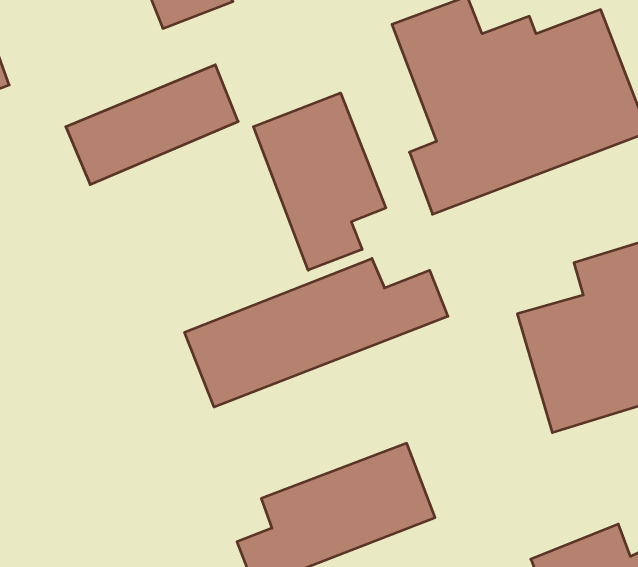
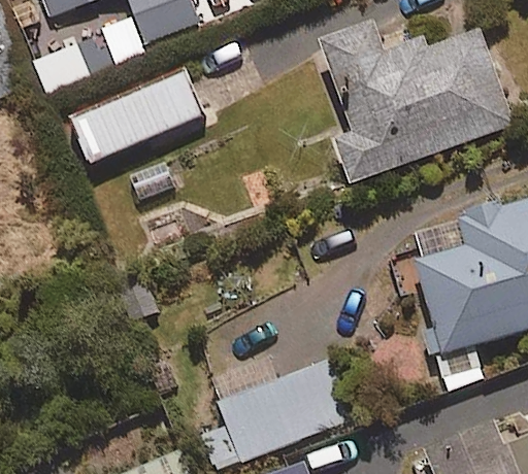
building: [253,93,386,270] -> none
building: [185,258,448,407] -> none

